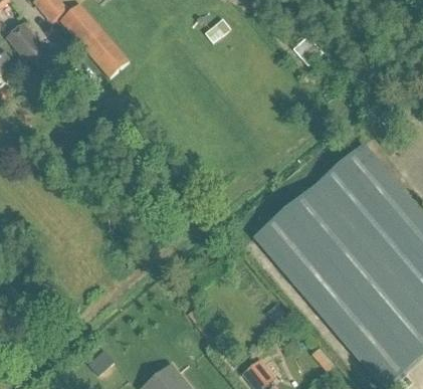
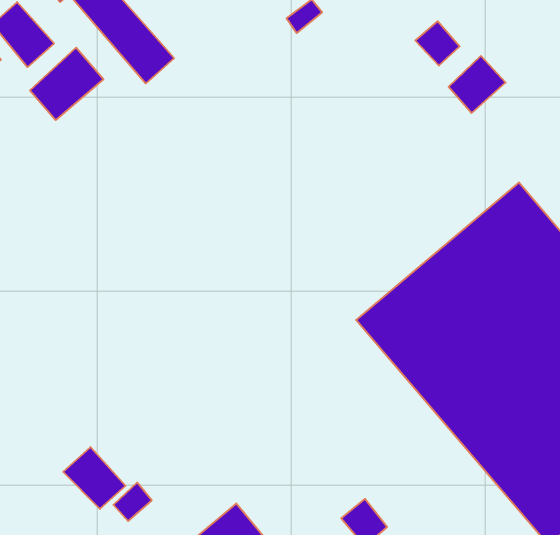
building: none -> [30,48,103,120]
building: none -> [449,56,506,113]
building: none -> [63,447,125,509]

